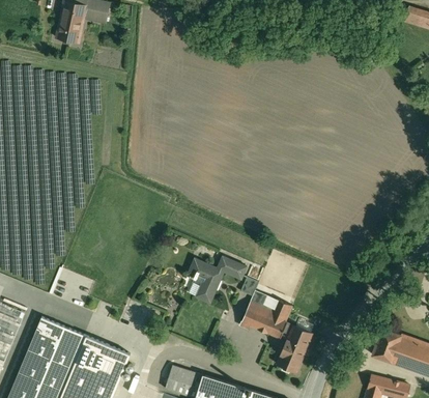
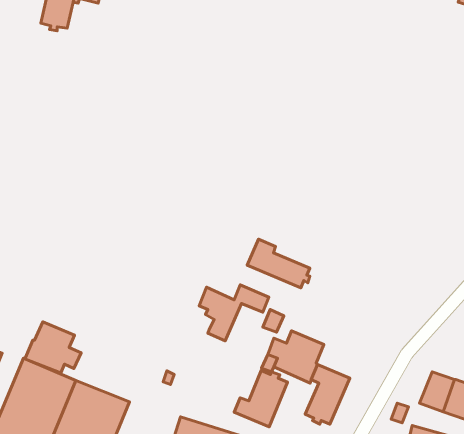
building: none -> [247,239,310,288]
building: none -> [25,322,81,373]
building: none -> [234,371,288,427]

